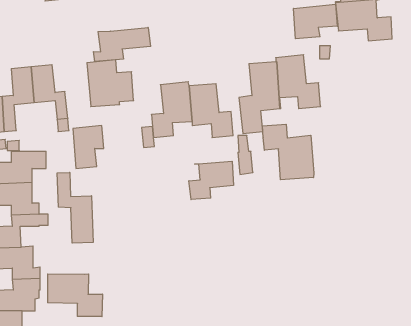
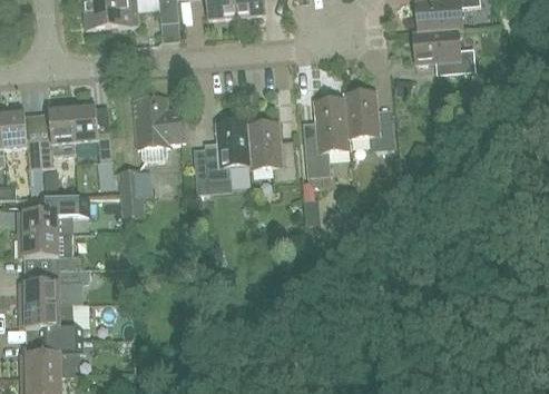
building: [294,4,337,39] -> none
building: [94,27,151,62] -> none
building: [262,124,314,180] -> none
building: [189,161,233,200] -> none
building: [57,172,93,243] -> none
building: [48,274,102,317] -> none

